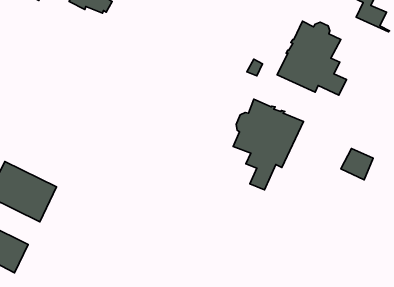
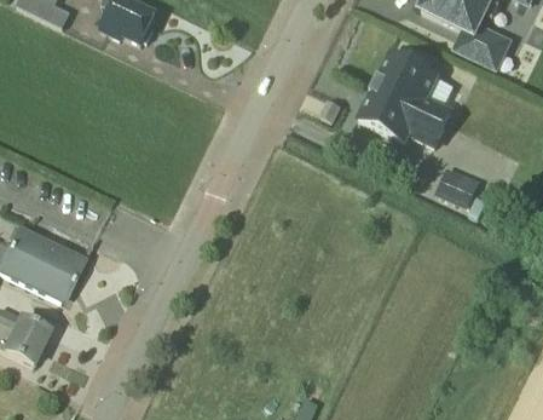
building: [233,99,303,190] -> none
building: [341,149,373,180] -> [433,163,473,202]

